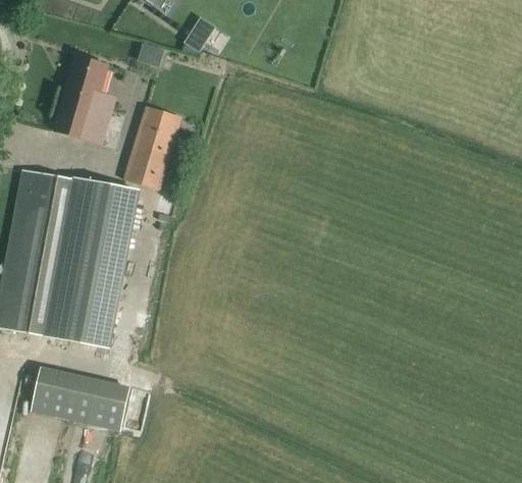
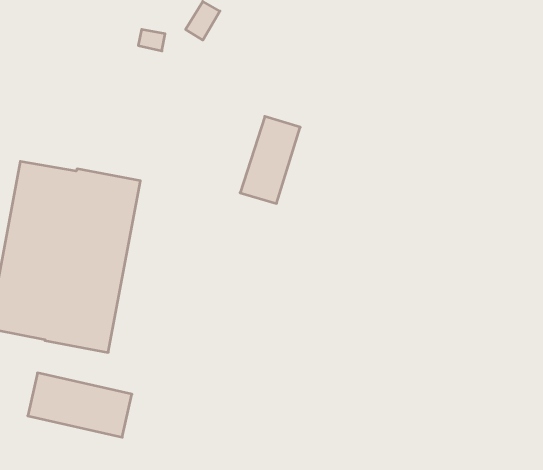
building: [54,56,113,143] -> none
building: [122,106,179,189] -> [240,116,300,203]

